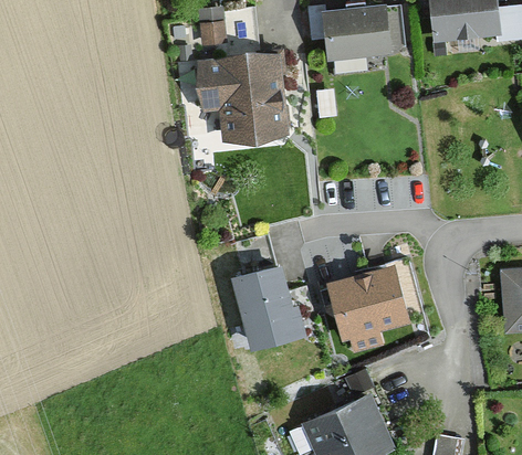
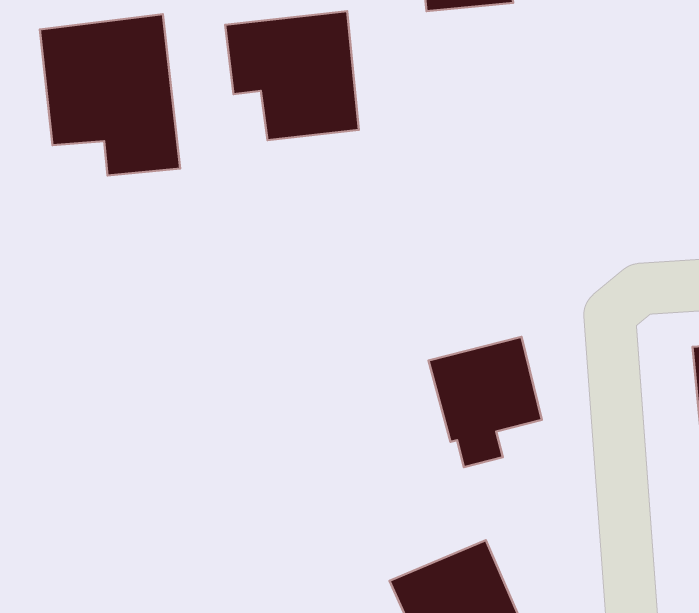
building: none -> [40,14,180,176]
building: [232,264,296,346] -> none

